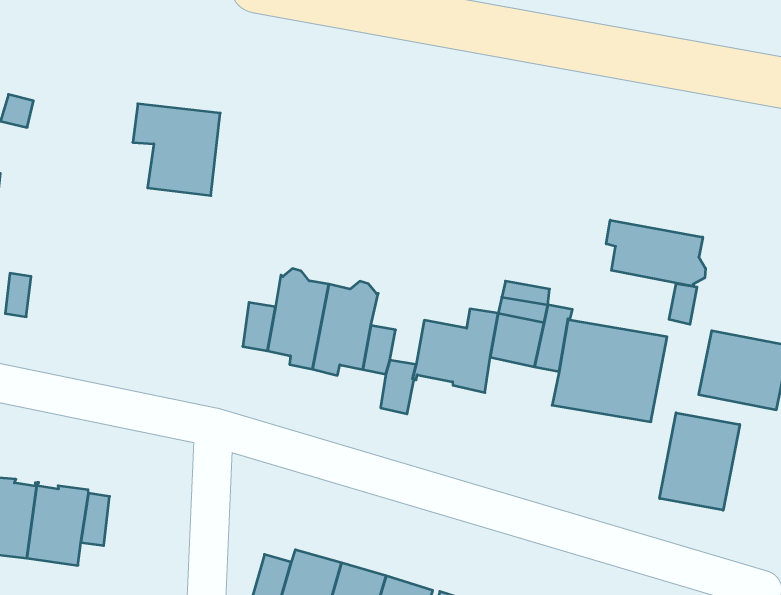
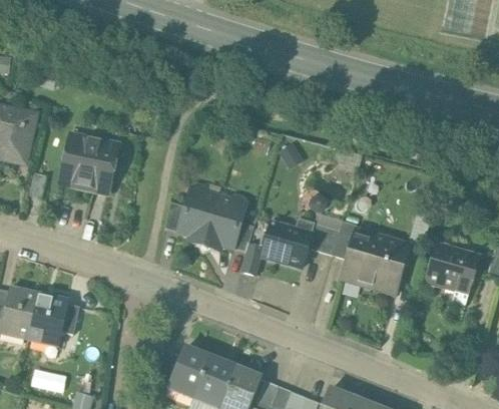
building: [133,104,220,196] -> [65,135,117,192]
building: [606,220,706,287] -> none
building: [660,413,740,510] -> none

